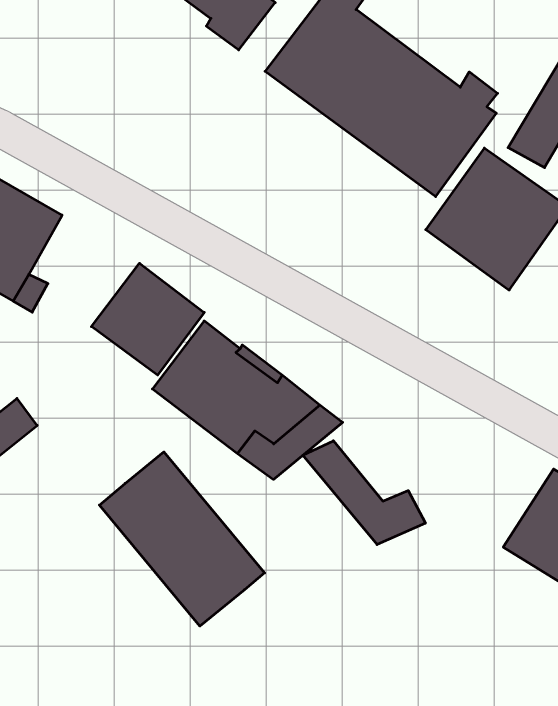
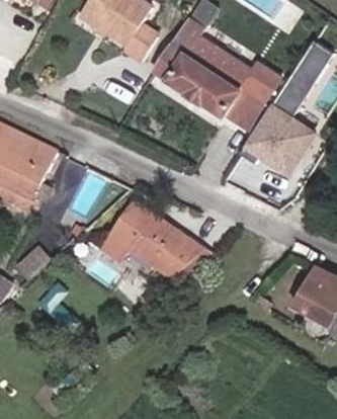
building: [91,263,204,375] -> none
building: [303,441,425,545] -> none
building: [99,452,265,626] -> none

